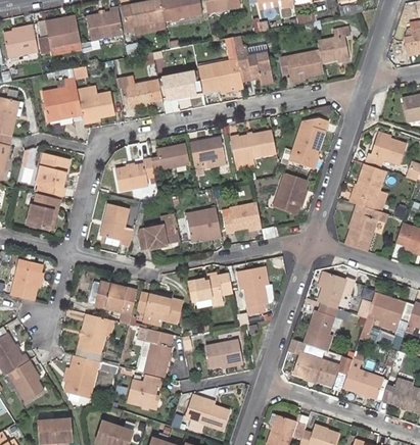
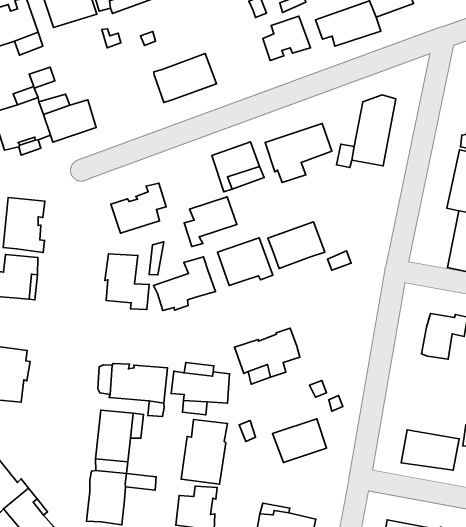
building: [195,59,241,94] -> none
building: [114,76,162,109] -> none
building: [150,144,187,176] -> [184,197,237,247]
building: [276,174,306,205] -> none
building: [237,265,268,313] -> none
building: [306,303,337,351] -> none

